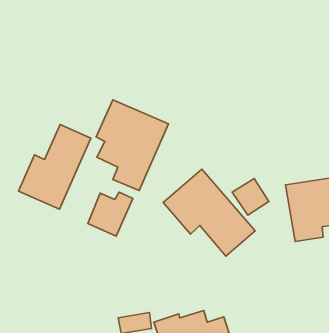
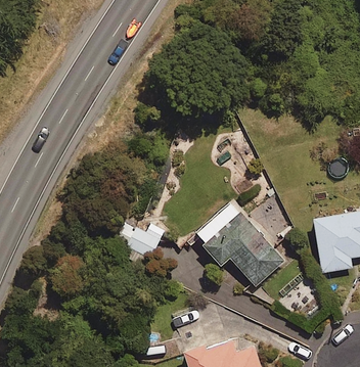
building: [96,100,169,190] -> none
building: [19,125,91,209] -> none

